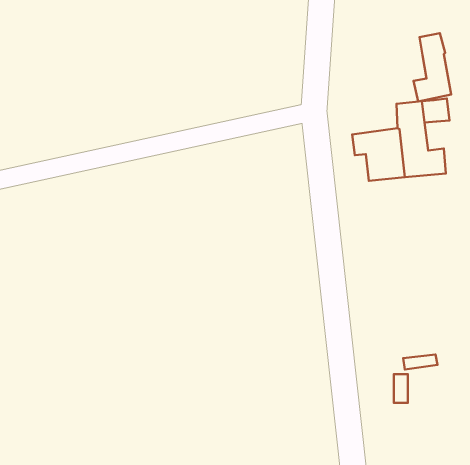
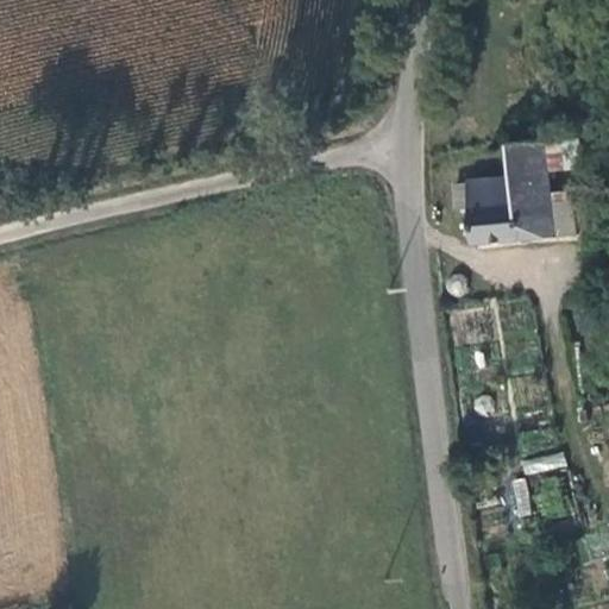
building: [413,33,451,102] -> none

